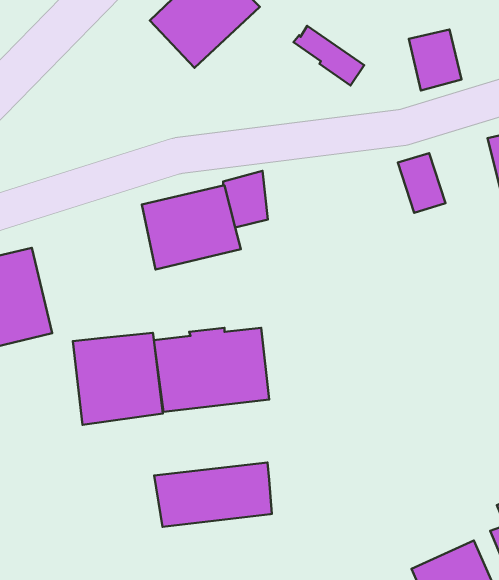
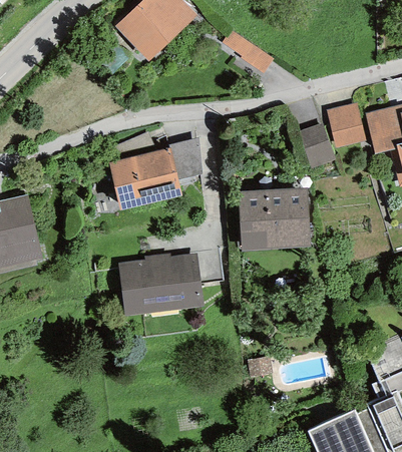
building: [409,29,462,90] -> [327,102,366,147]
building: none -> [239,187,311,251]
building: [73,333,163,425] -> none
building: [154,462,272,527] -> none

